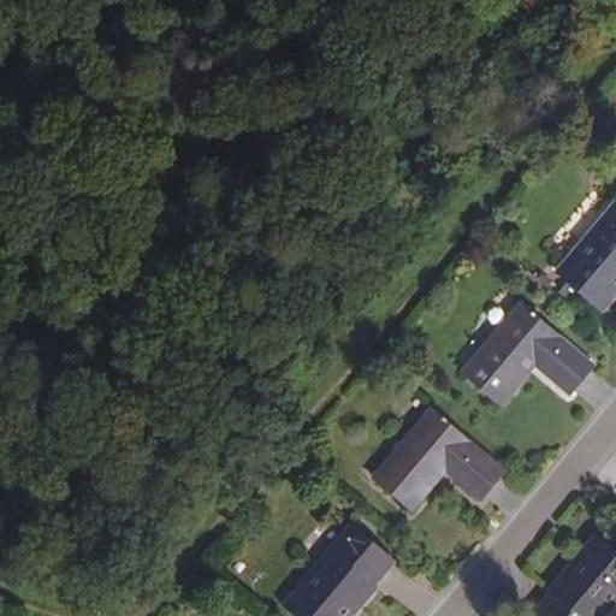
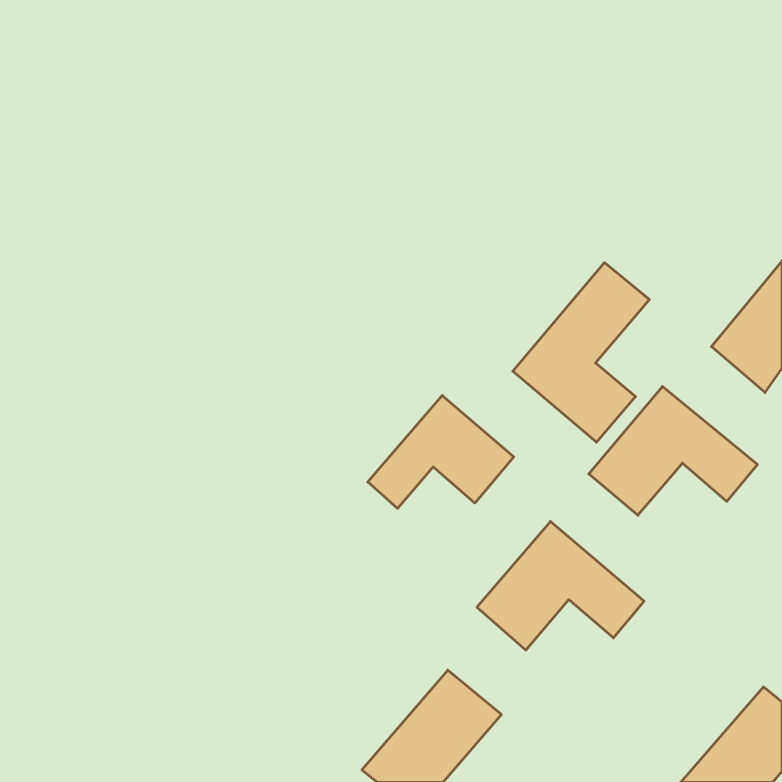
building: none -> [513,263,649,442]
building: none -> [368,395,514,508]

